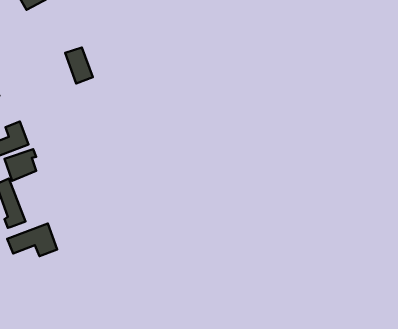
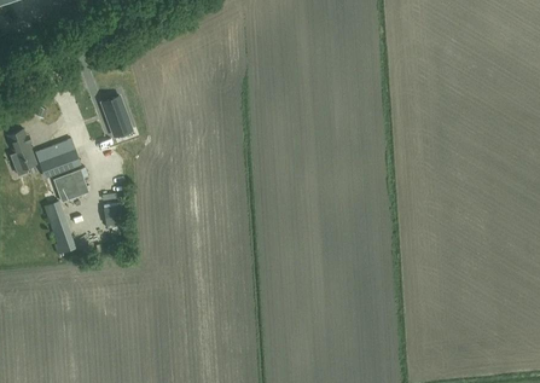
building: [65,47,93,84] -> [101,97,132,137]
building: [7,223,57,256] -> none

